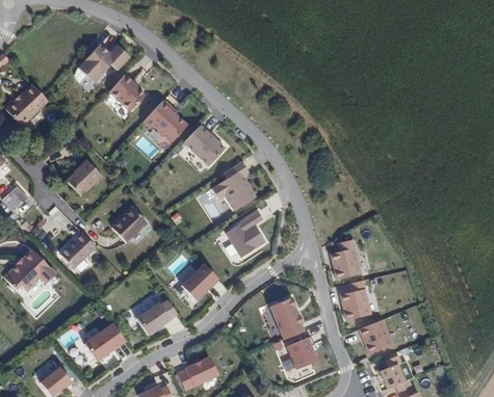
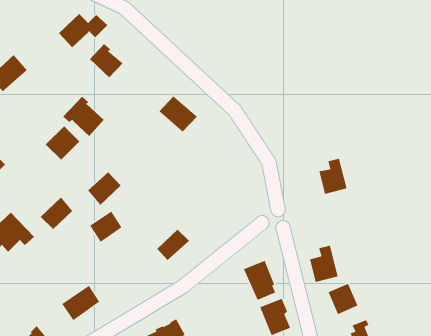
building: [144,101,187,143] -> [62,96,104,137]
building: [211,162,255,211] -> none
building: [226,212,266,258] -> none
building: [330,242,360,281] -> [318,158,348,195]
building: [136,301,171,335] -> [89,211,122,243]

